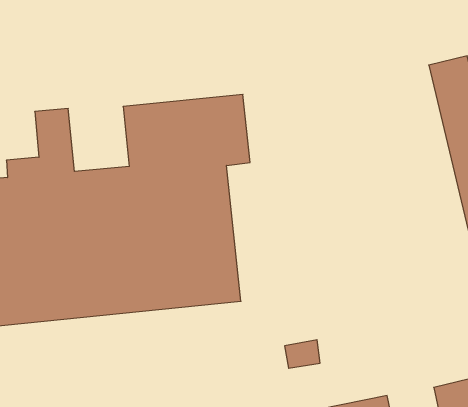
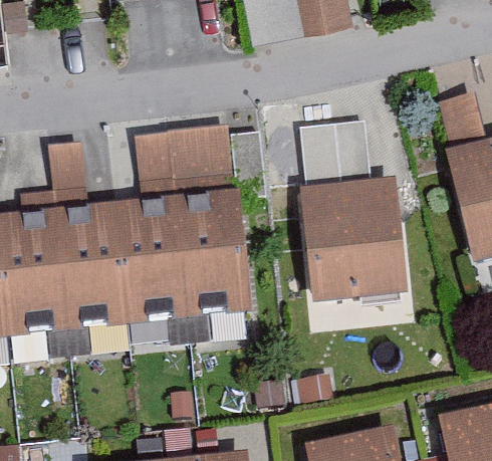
building: none -> [300,126,410,304]

